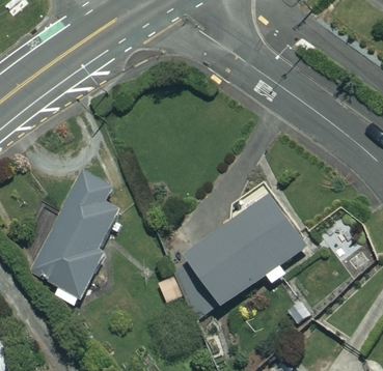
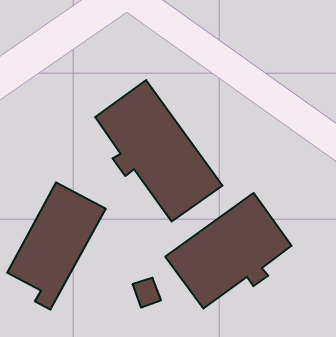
building: none -> [95,80,223,222]

